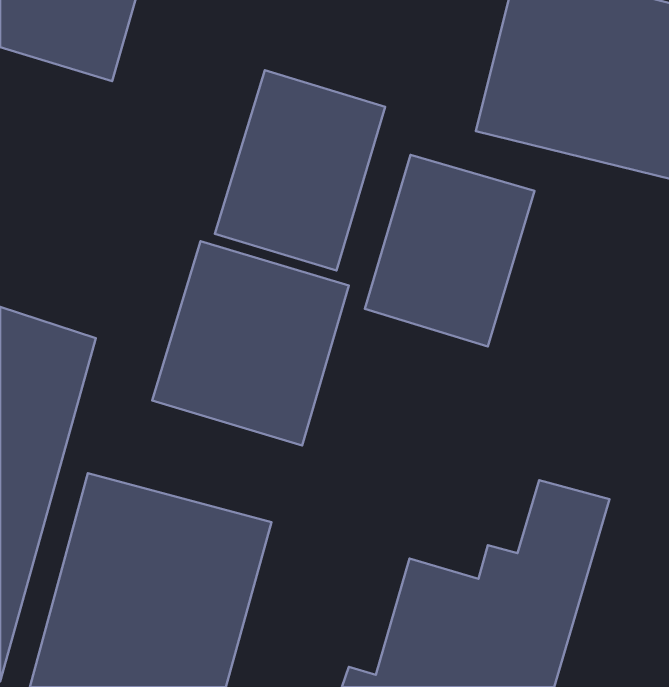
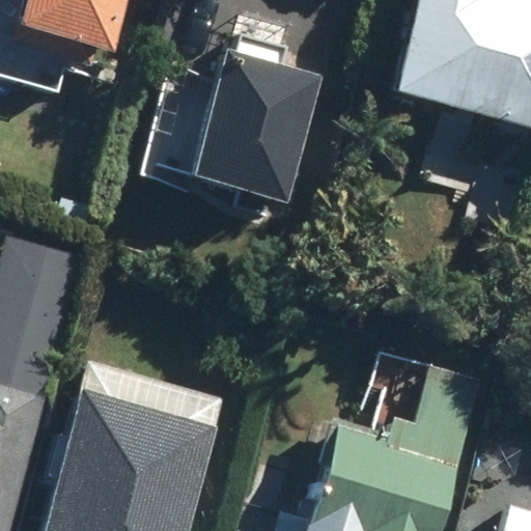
building: [365,155,534,346] -> none
building: [152,241,349,446] -> none

